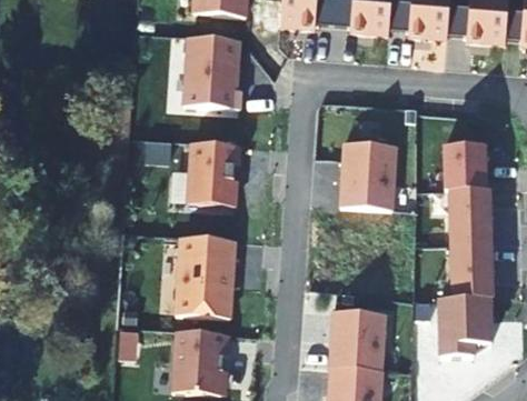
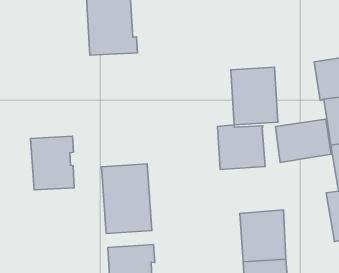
building: [188,142,240,205] -> [31,136,74,190]
building: none -> [218,125,265,170]
building: none -> [276,119,331,162]

